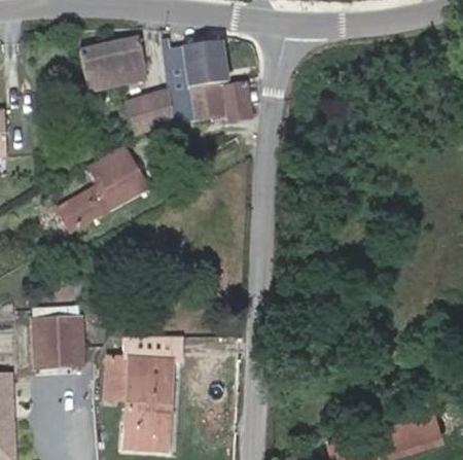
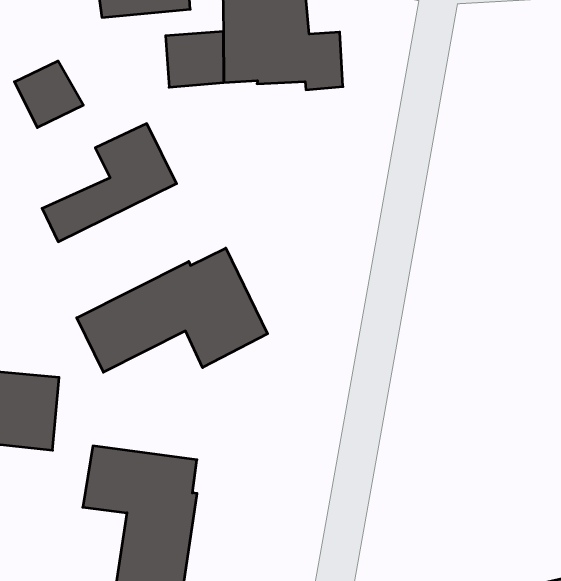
building: none -> [14,61,83,128]
building: none -> [77,248,268,372]

